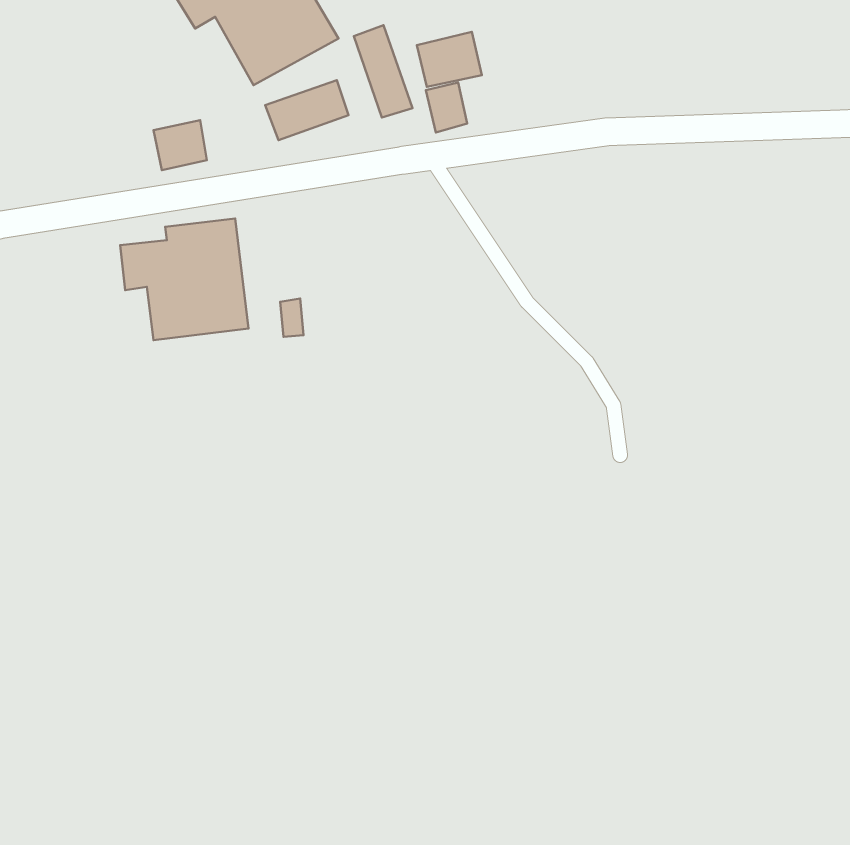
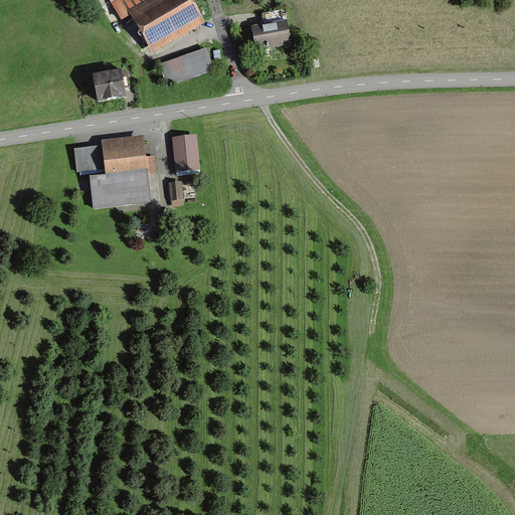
building: [354,25,412,118] -> none
building: [426,83,467,133] -> none
building: none -> [172,134,200,171]

